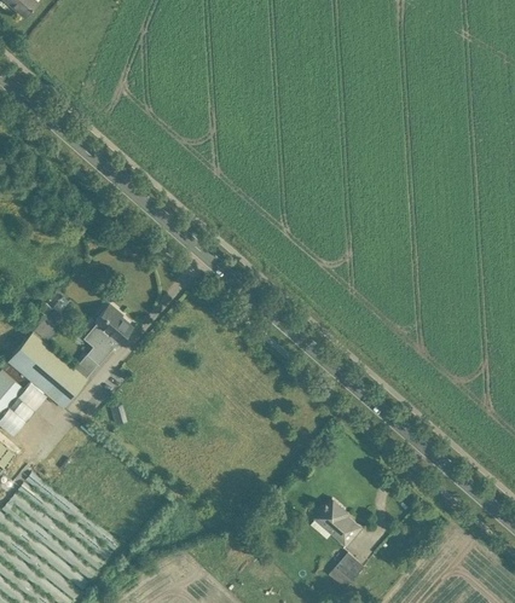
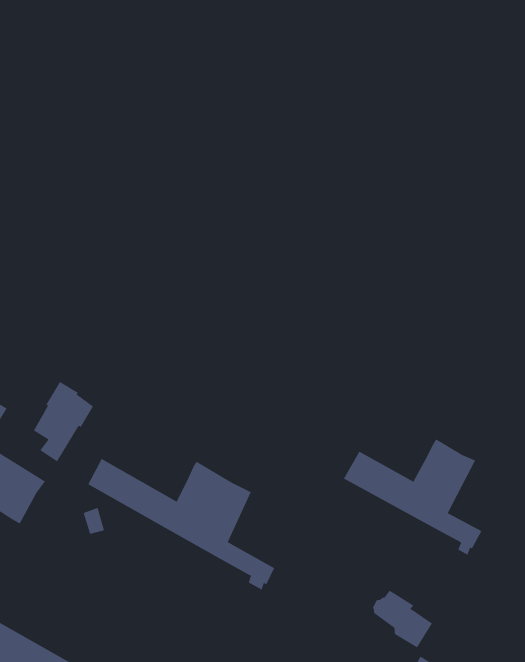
building: none -> [87,458,275,591]
building: none -> [343,439,482,555]

